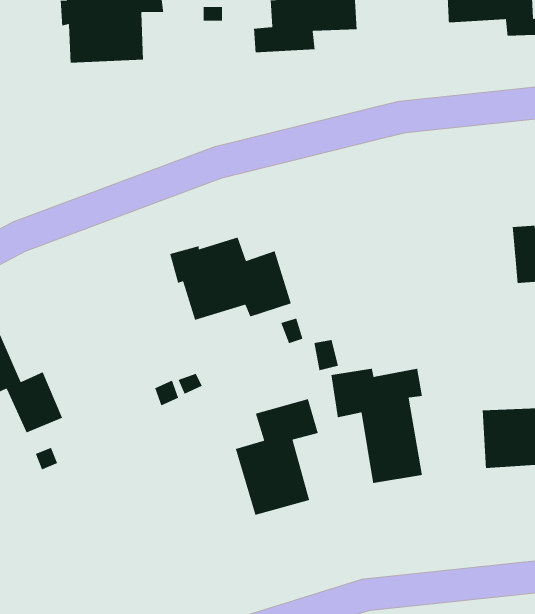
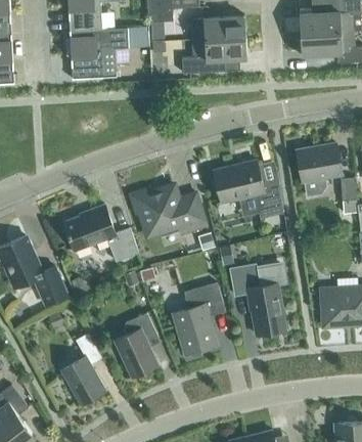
building: none -> [297,143,342,196]
building: none -> [214,160,283,219]
building: none -> [63,205,138,261]
building: none -> [116,312,157,377]
building: none -> [61,333,105,404]

